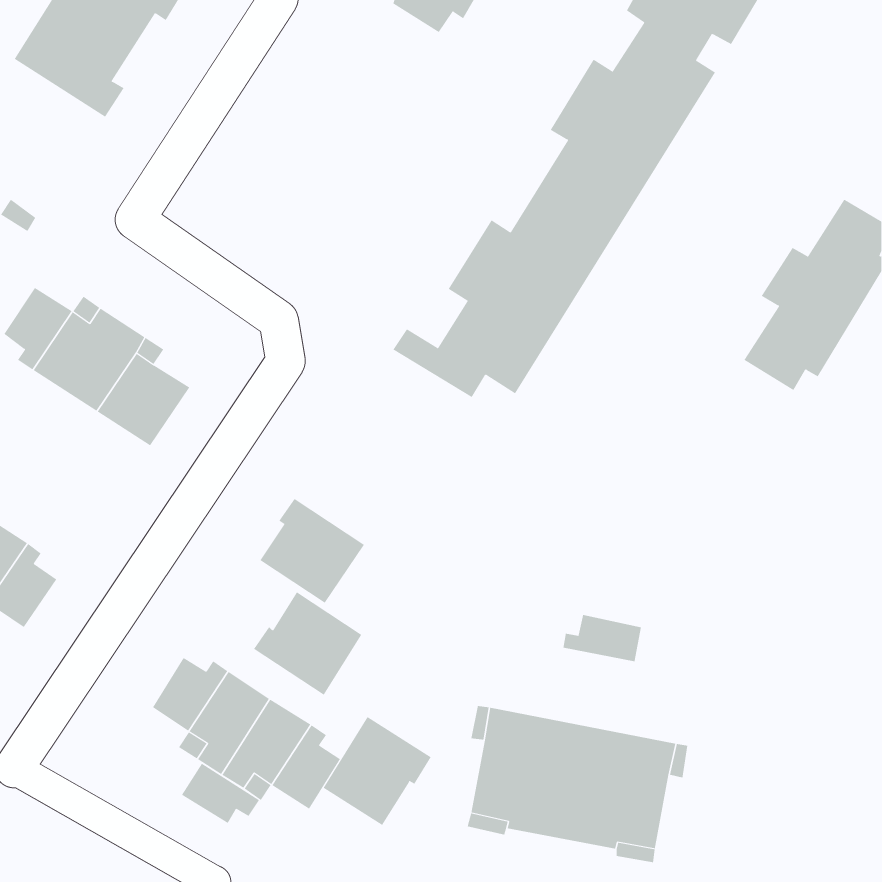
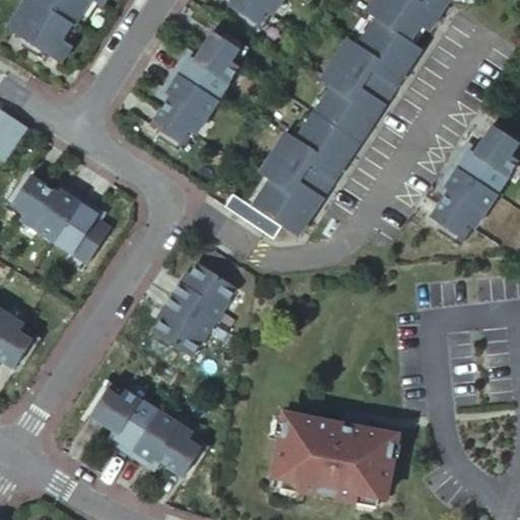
building: none -> [152,32,240,141]
building: [253,592,362,695] -> [173,259,237,320]
building: [563,614,641,662] -> none
building: [323,716,432,826] -> none
building: [181,763,260,824] -> none

